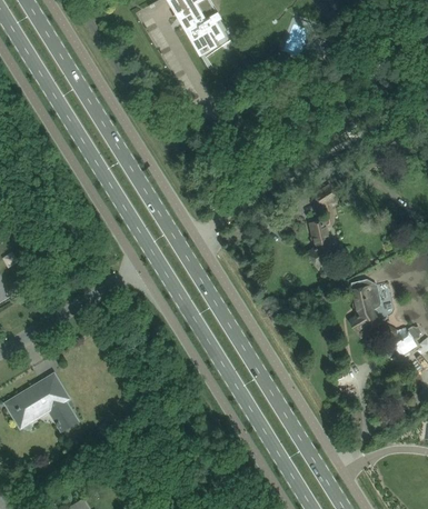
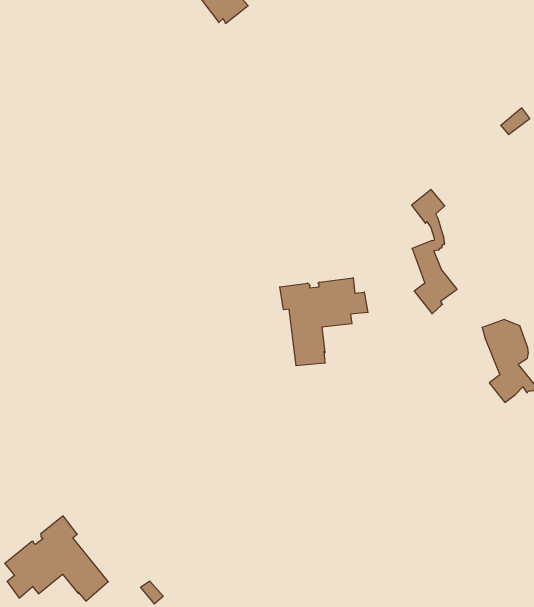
building: none -> [280,278,368,366]

